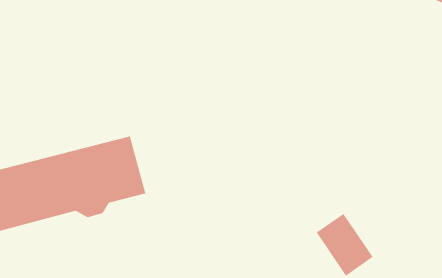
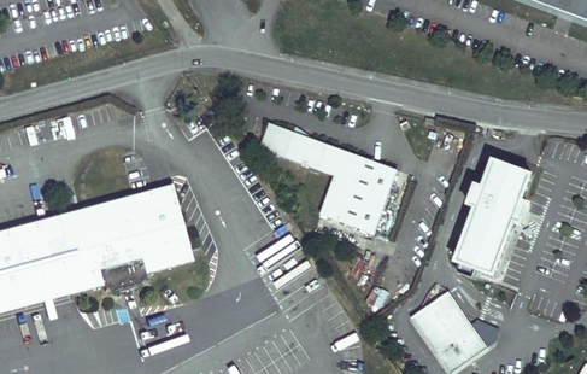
building: none -> [257,116,397,233]
building: none -> [456,158,530,271]

